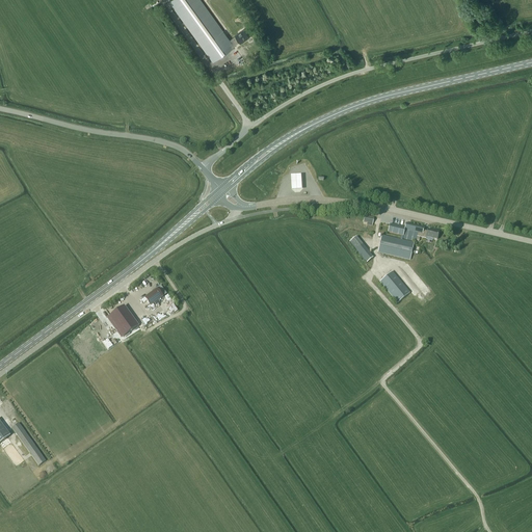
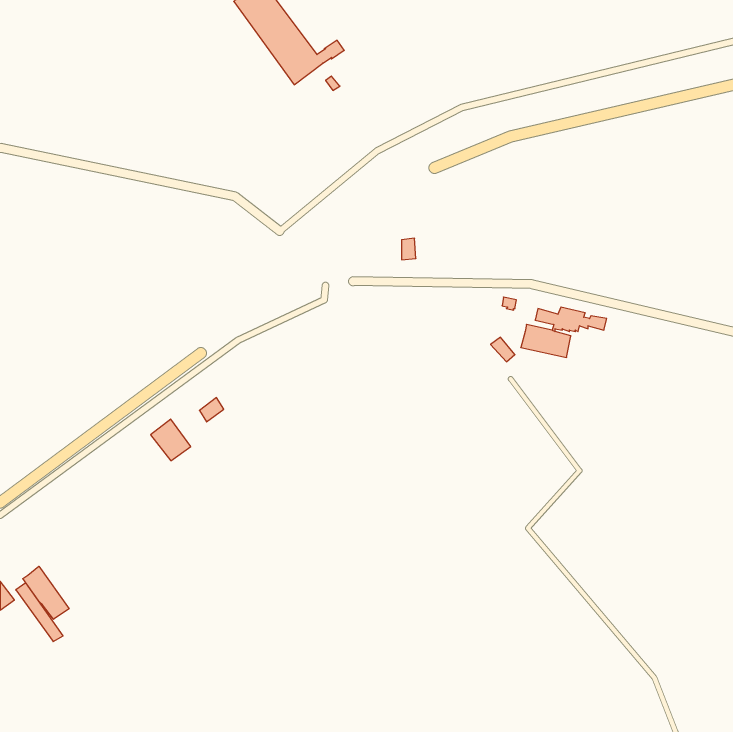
building: [380,271,409,302] -> none
building: none -> [23,566,69,619]

